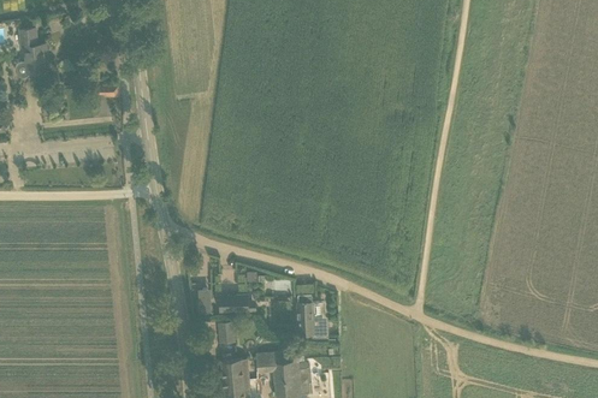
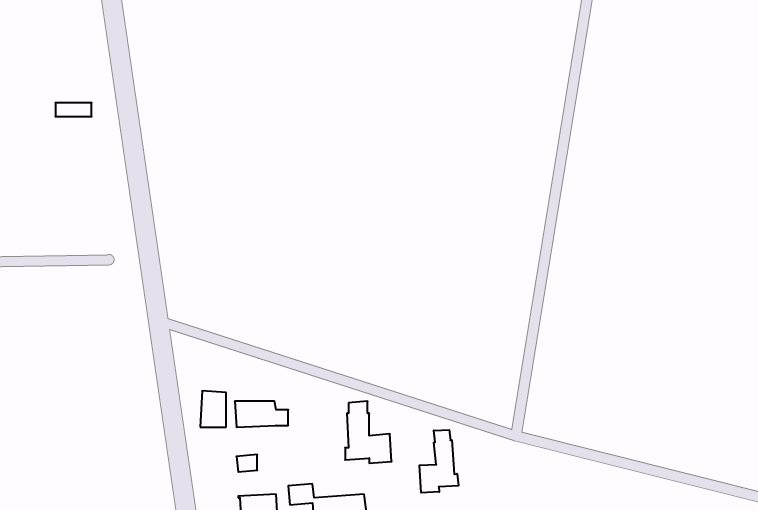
building: none -> [419,430,458,493]

